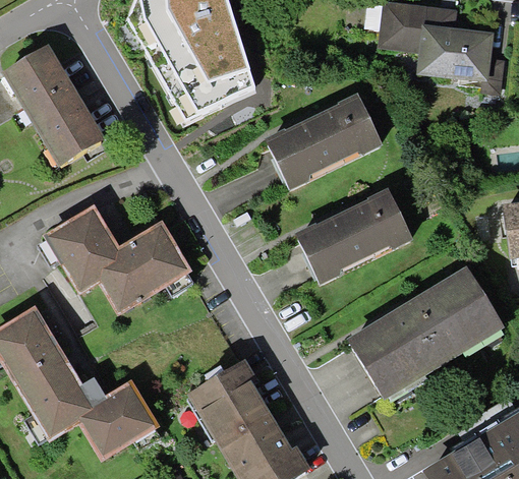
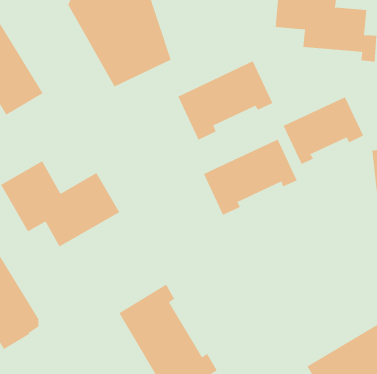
building: none -> [283,96,364,165]
building: [348,264,501,393] -> none
building: [81,384,161,463] -> none

